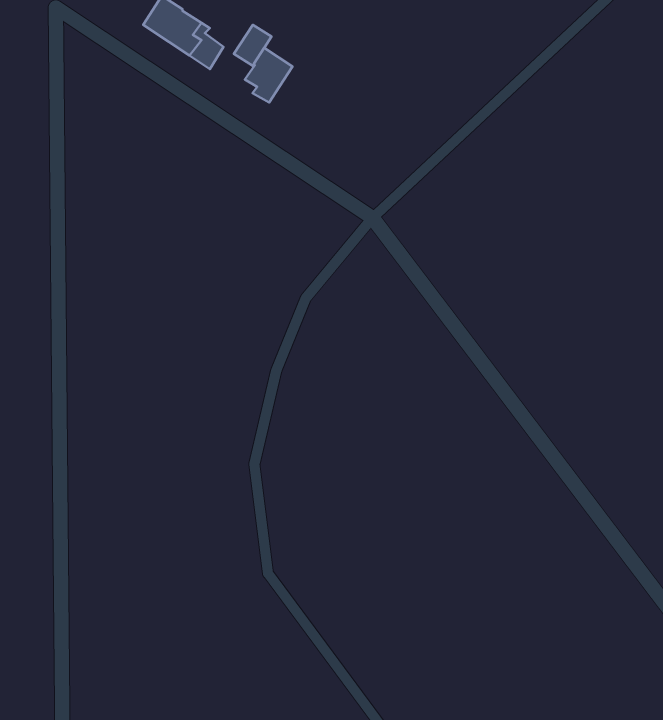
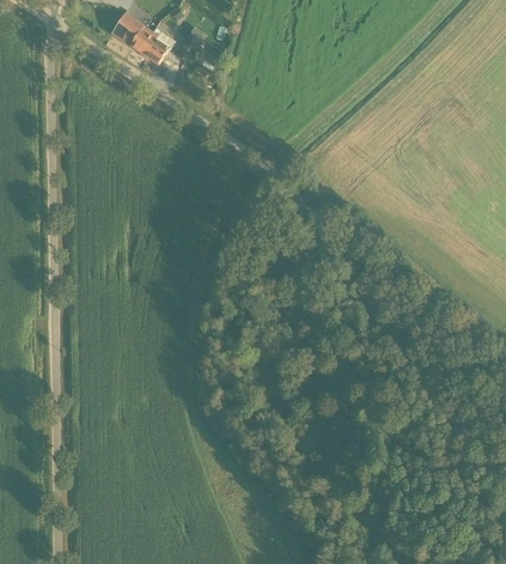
building: [245,48,292,102] -> none

